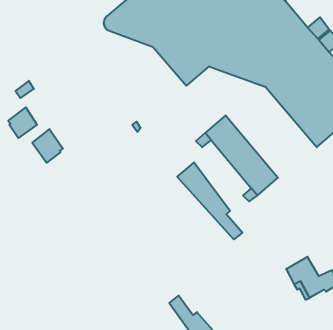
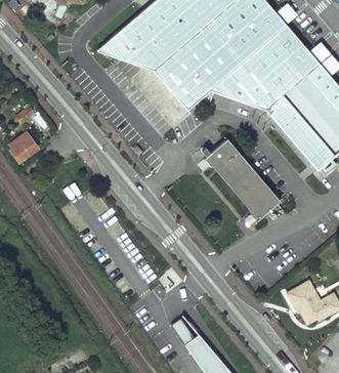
building: [32,129,63,163] -> none
building: [177,162,242,239] -> none

